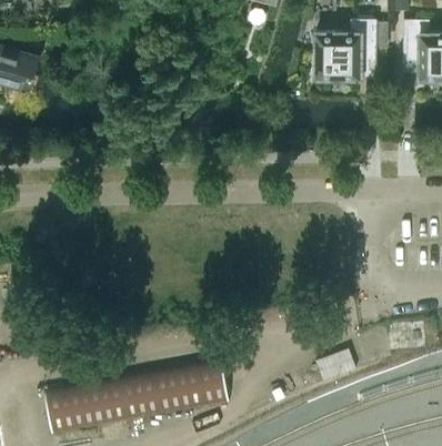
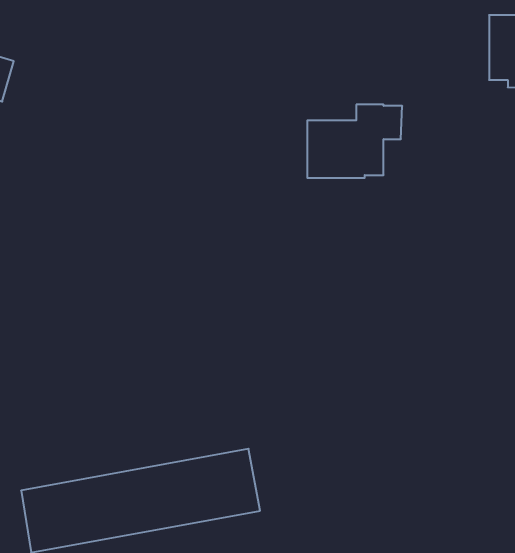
building: [315,21,389,78] -> [307,105,402,178]

